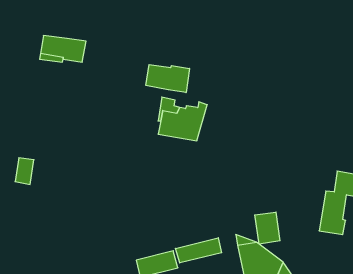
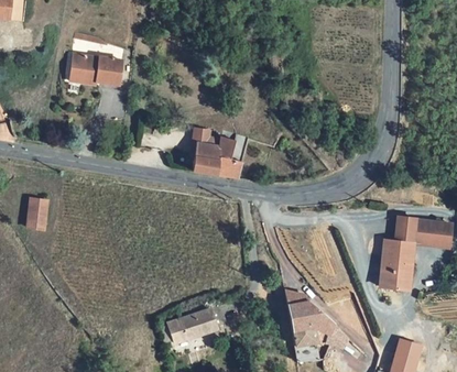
building: [146,65,189,93] -> none
building: [255,212,280,244] -> none
building: [175,238,222,263] -> none

